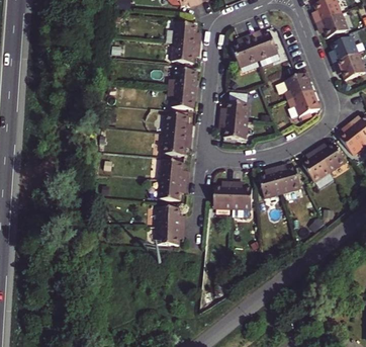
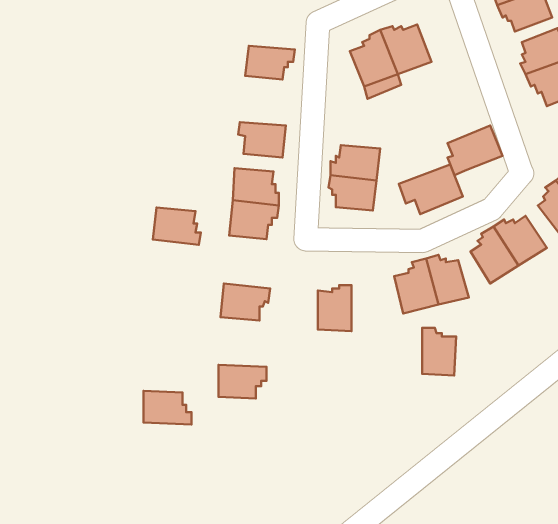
building: [174,23,200,46] -> none
building: [169,68,197,89] -> none
building: [275,71,311,99] -> [399,164,463,214]
building: [160,161,187,182] -> [153,208,201,245]
building: [233,180,252,207] -> [422,328,456,376]
building: [157,207,184,227] -> [144,391,191,424]

